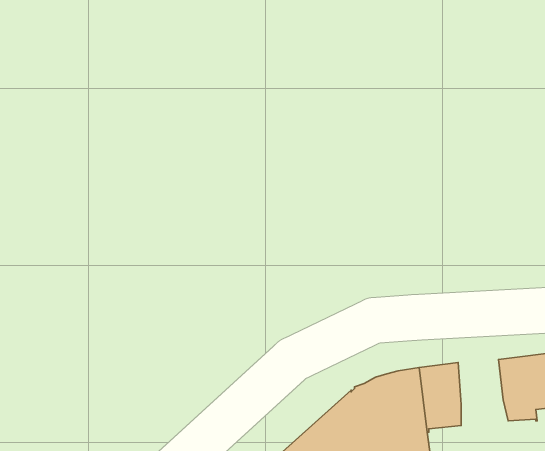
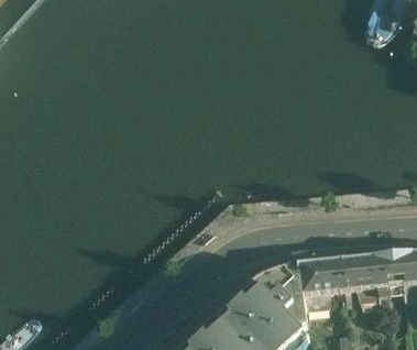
building: none -> [327,259,358,289]

